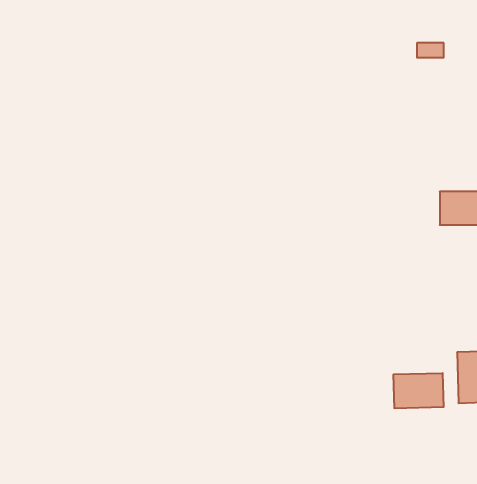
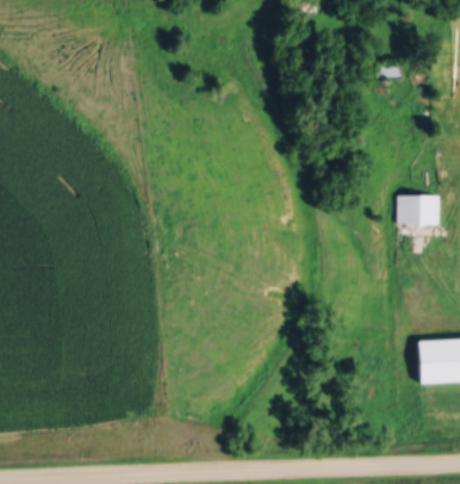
building: [394,373,444,408] -> none

